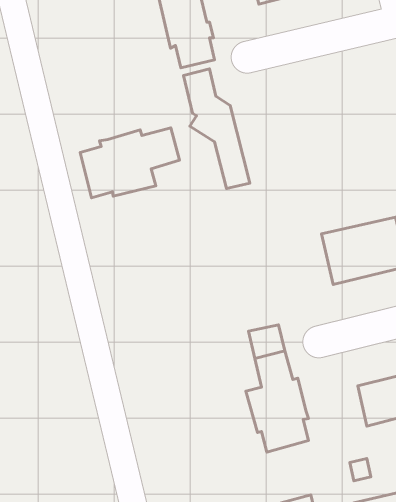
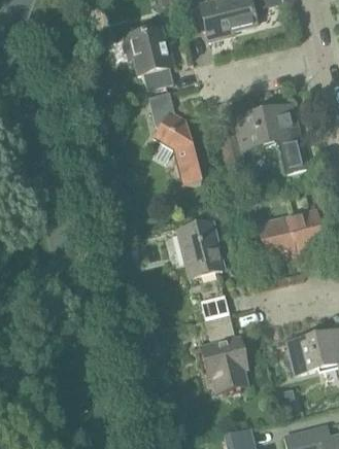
building: none -> [223,104,307,173]
building: [80,128,180,198] -> none
building: none -> [179,220,224,276]

